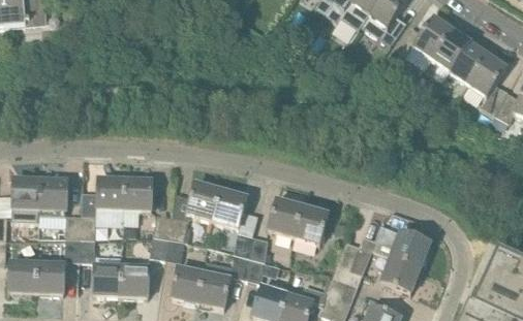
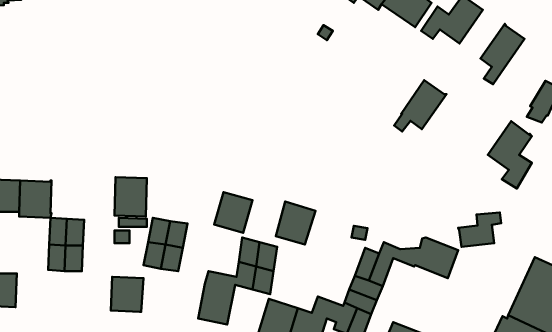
building: [425,28,471,73] -> [394,80,446,131]
building: [468,54,507,114] -> [488,121,532,188]
building: [96,175,125,211] -> none
building: [187,182,221,219] -> none
building: [294,206,329,244] -> none
building: none -> [458,212,501,247]
building: [381,255,421,292] -> none
building: [36,262,65,293] -> none
building: [93,264,122,295] -> none
building: [172,266,205,302] -> none

